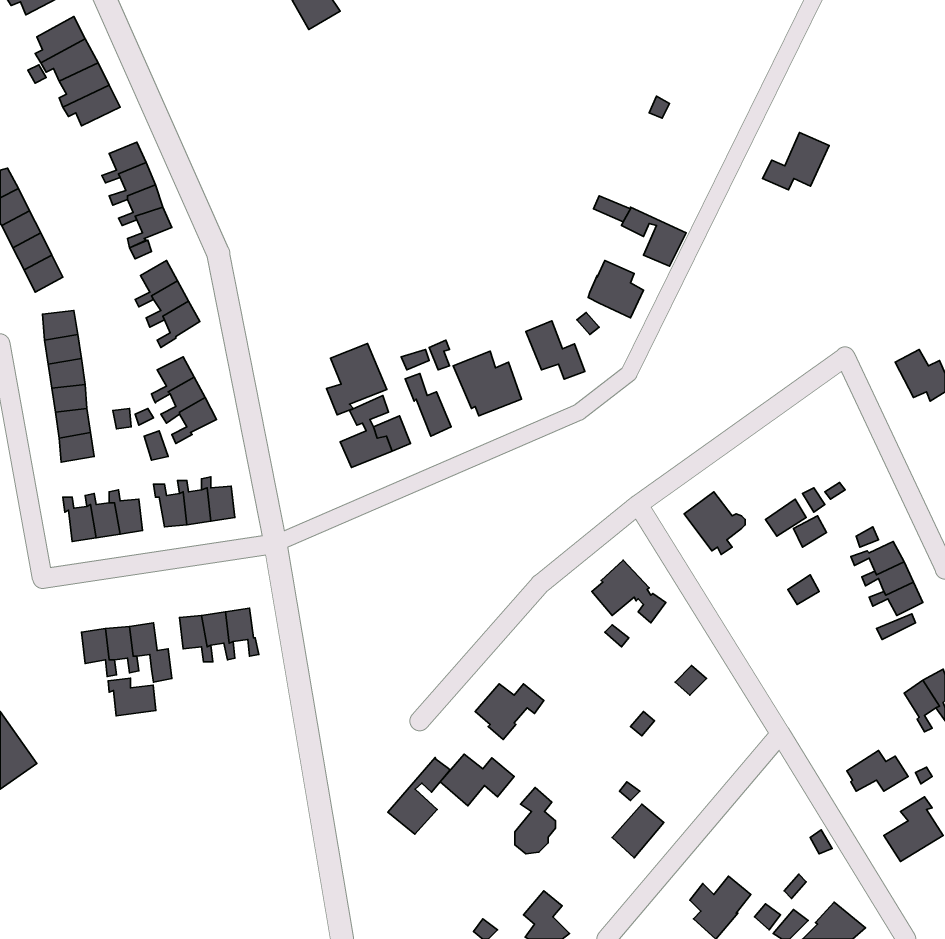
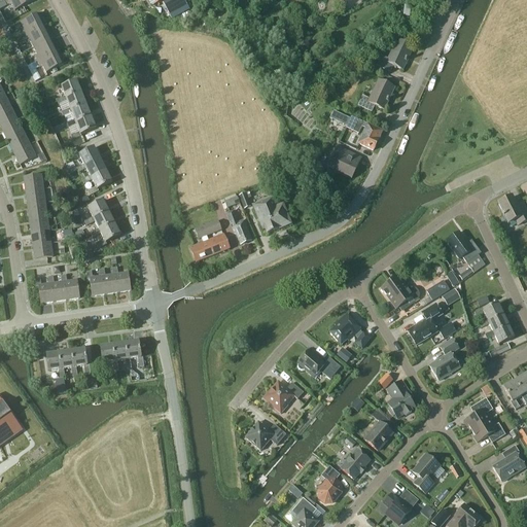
building: [763,132,829,190] -> [376,38,413,70]
building: none -> [357,78,394,110]
building: [526,321,585,379] -> none
building: [327,344,387,415] -> none
building: none -> [446,230,481,261]
building: none -> [407,302,442,343]
building: none -> [429,338,460,379]
building: none -> [297,348,341,375]
building: [108,678,156,716] -> none
building: none -> [387,380,415,417]
building: none -> [463,396,492,429]
building: none -> [364,408,392,449]
building: [388,758,450,834] -> none
building: [515,787,556,854] -> [318,464,341,501]
building: none -> [412,452,440,491]

